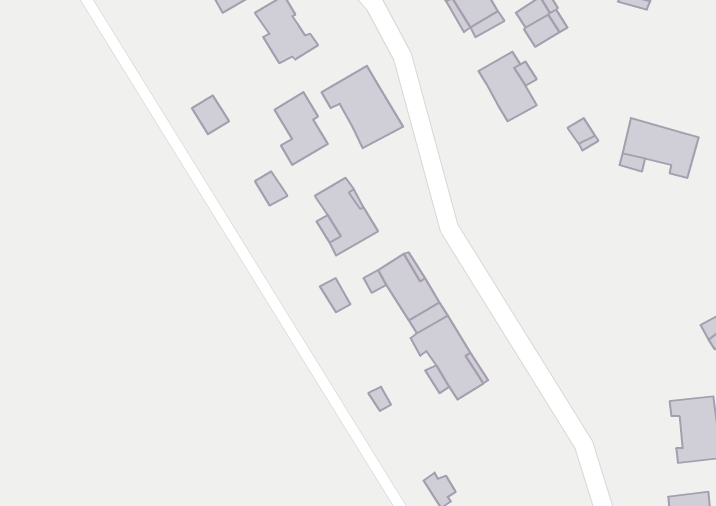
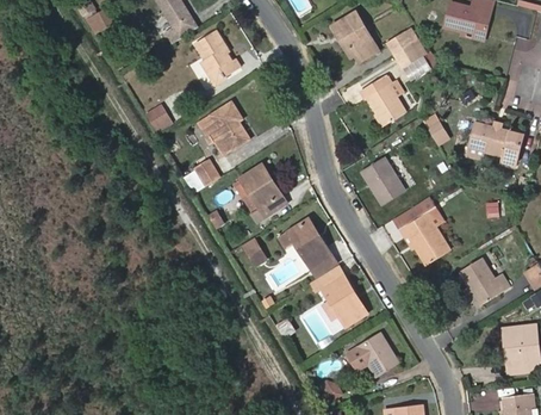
building: [322,66,403,148] -> none
building: none -> [359,155,402,202]
building: none -> [400,210,447,262]
building: none -> [456,255,508,303]
building: none -> [347,334,397,377]

